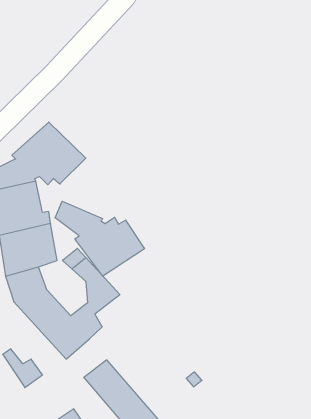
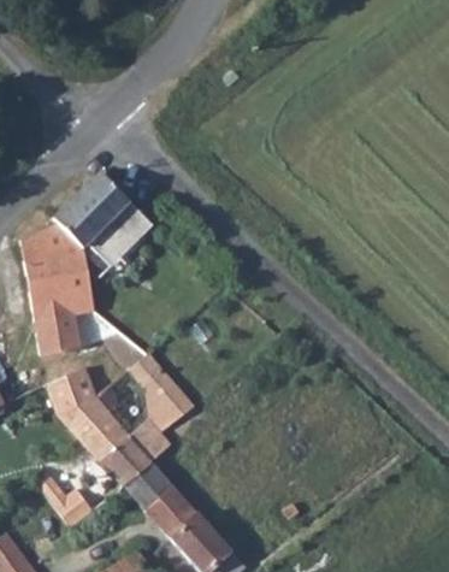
building: [55,201,145,276] -> none
building: none -> [113,460,177,511]

